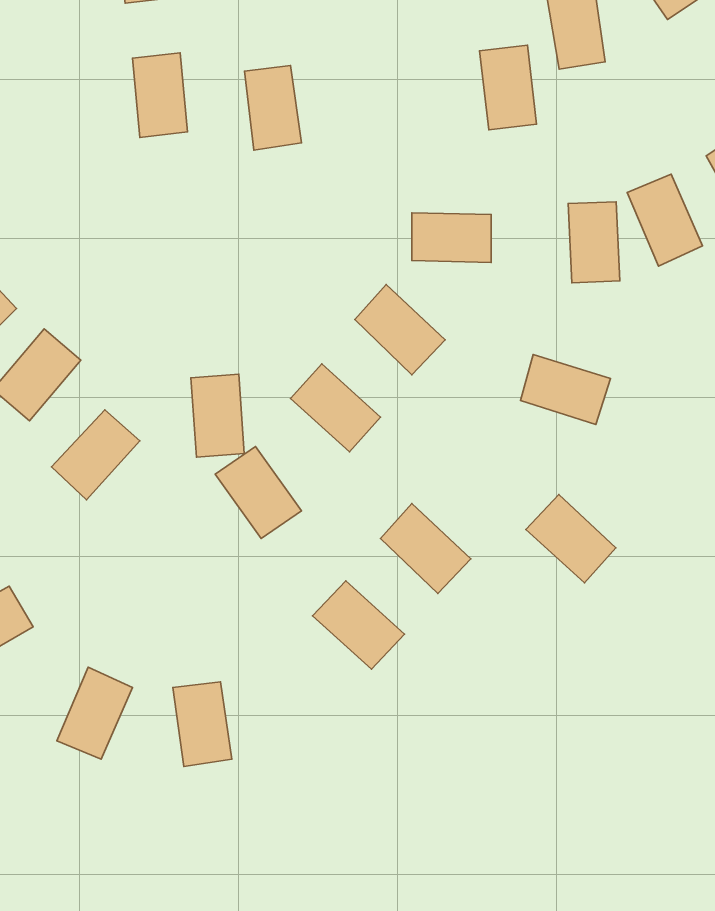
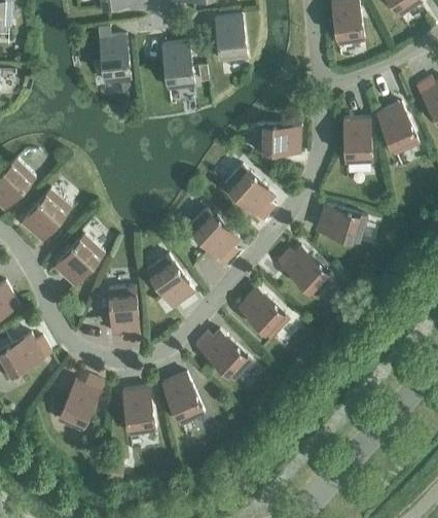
building: [480,45,537,130] -> [215,14,247,62]
building: [191,374,244,457] -> [109,287,139,334]
building: [526,495,616,583] -> [283,247,333,297]
building: none -> [161,373,205,424]

